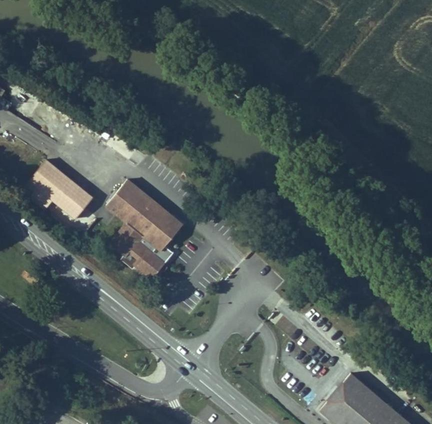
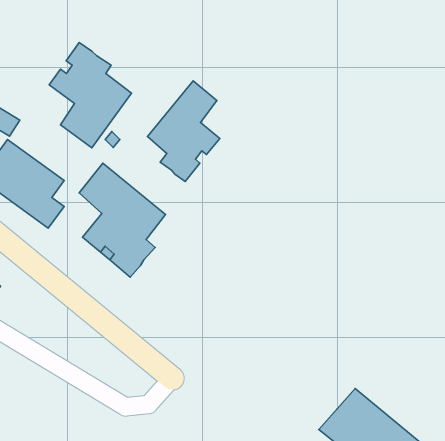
building: none -> [49,42,131,148]
building: none -> [148,81,220,182]

